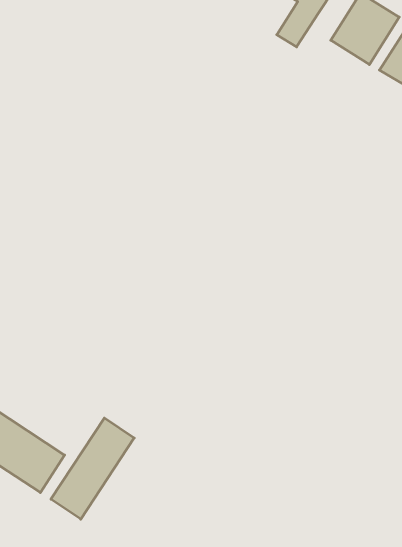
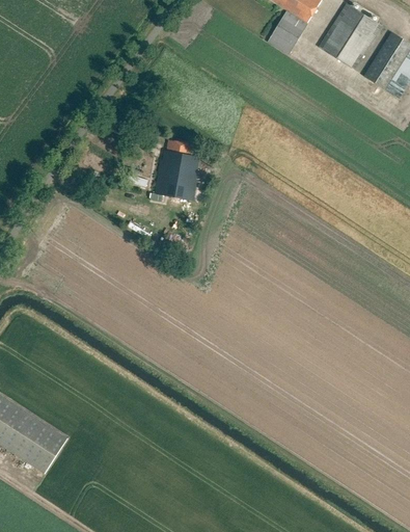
building: none -> [148,140,199,202]
building: [51,418,134,519] -> none

